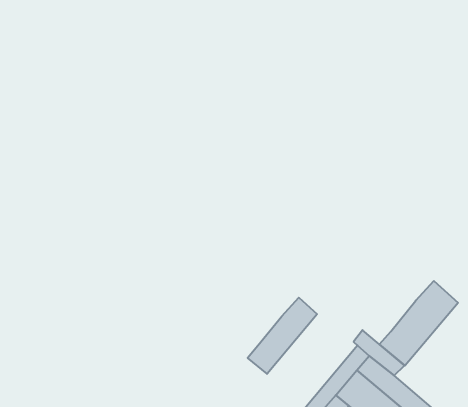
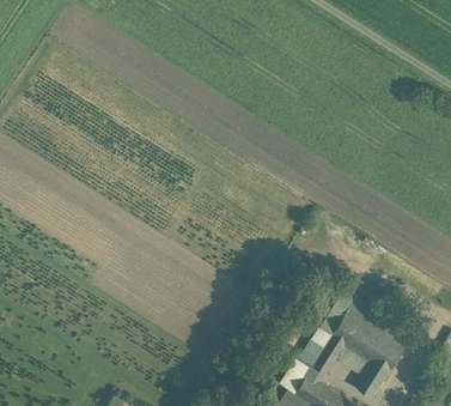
building: [380,281,458,366] -> none
building: [248,298,317,374] -> none

